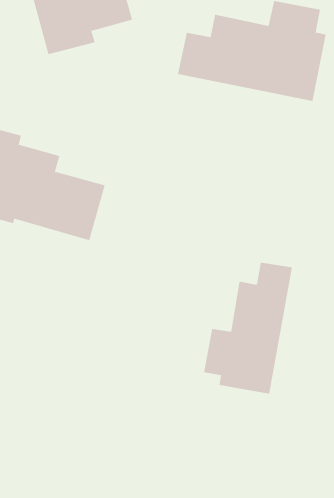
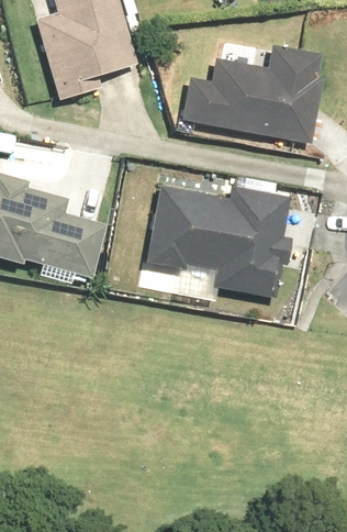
building: none -> [146,184,291,299]
building: [203,262,293,395] -> none

